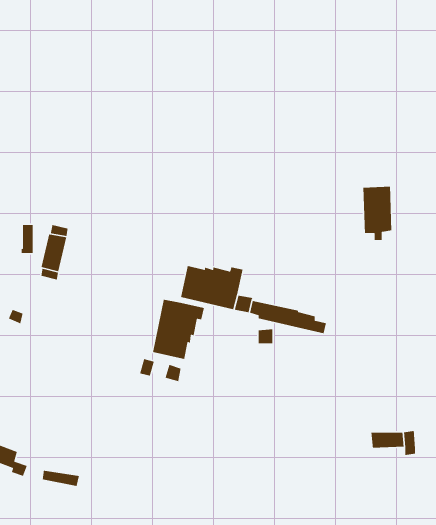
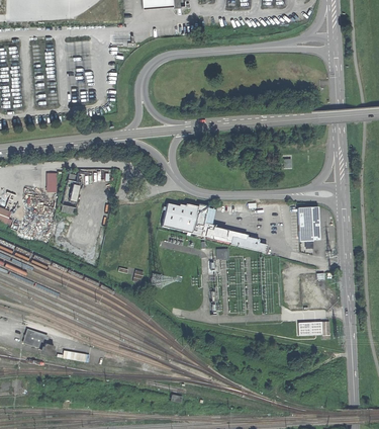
building: [363,186,392,241] -> [298,206,319,246]
building: [152,299,205,360] -> none

